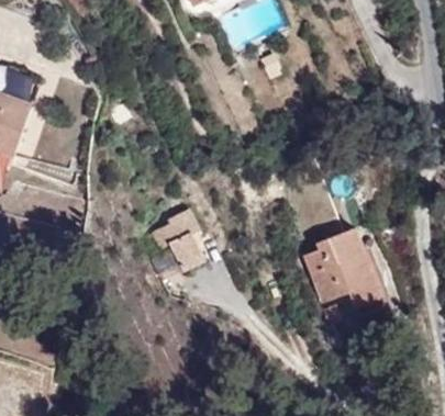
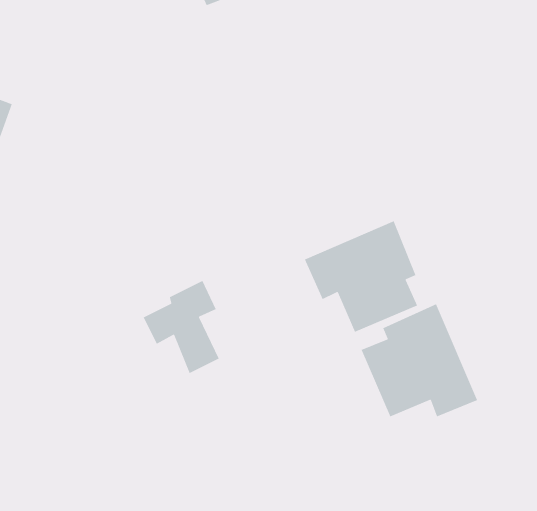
building: none -> [304,220,418,333]

